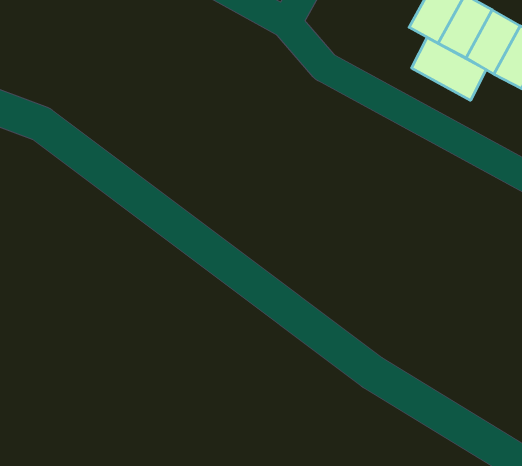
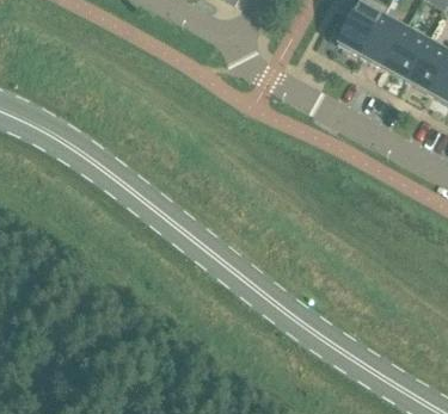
building: [412,37,486,100] -> none

